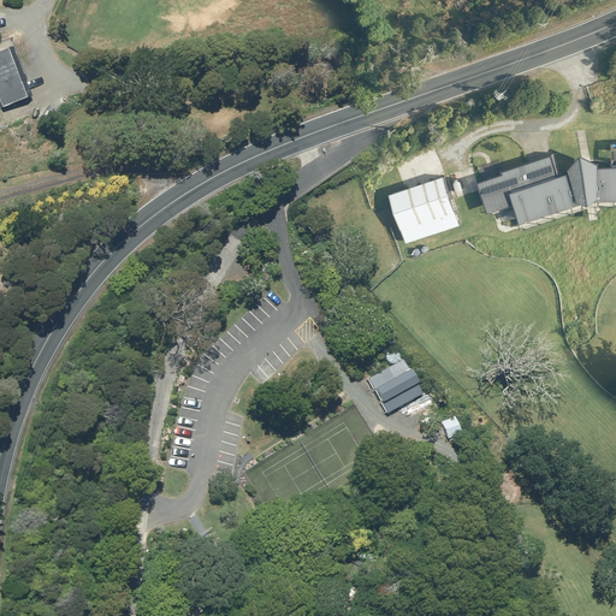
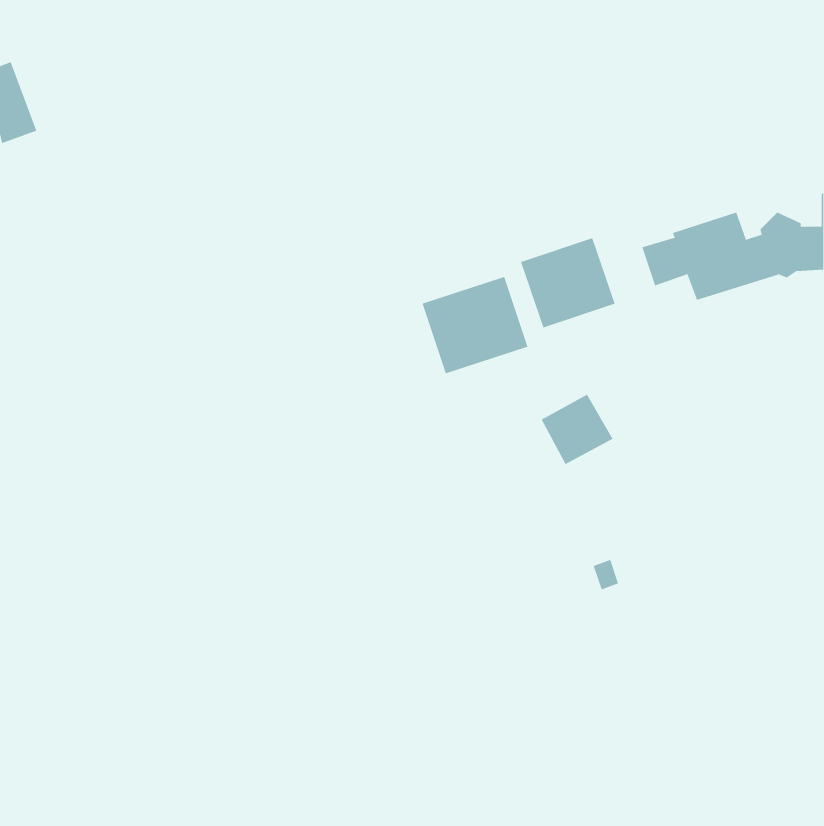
building: none -> [422,276,528,374]
building: [368,360,422,413] -> [541,394,613,465]

